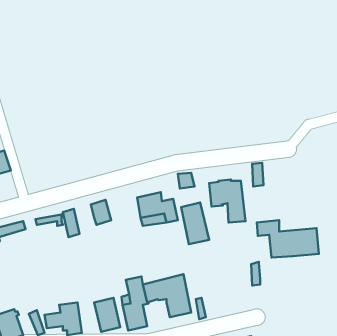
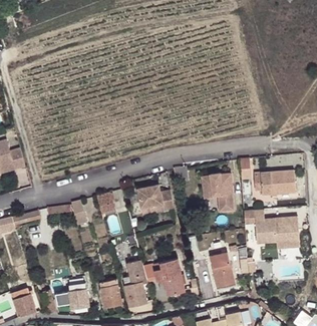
building: none -> [254,171,295,195]
building: [181,203,209,244] -> [210,252,235,289]

